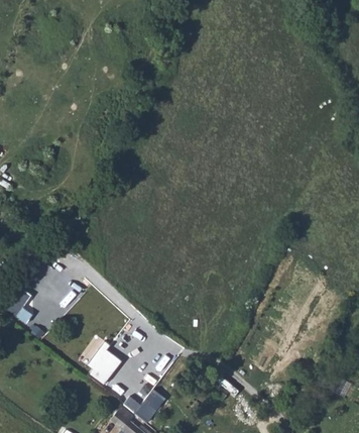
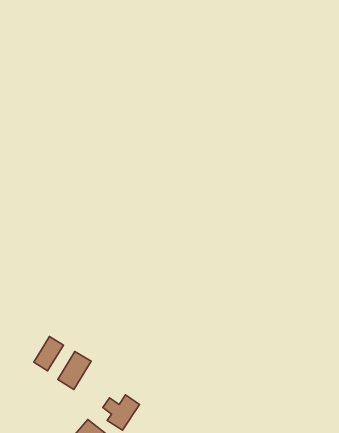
building: none -> [34,336,63,371]

